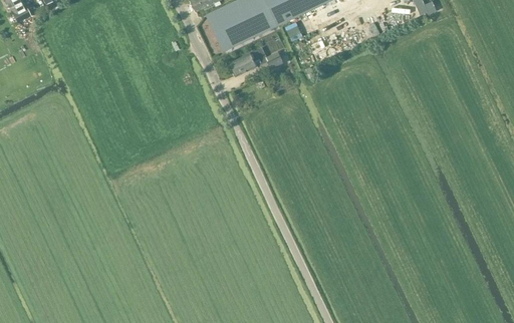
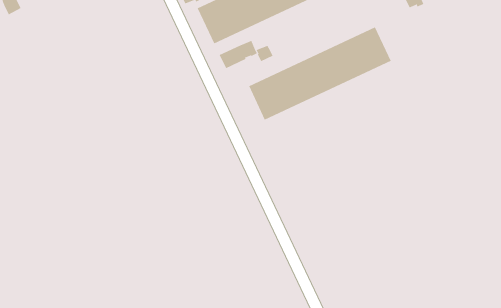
building: none -> [248,26,391,121]

